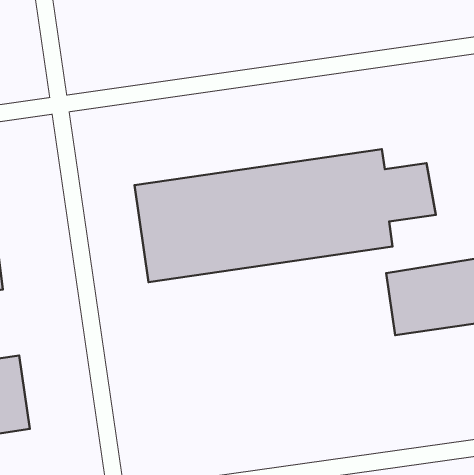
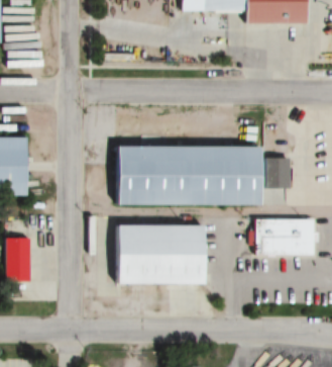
building: none -> [113,224,207,284]

